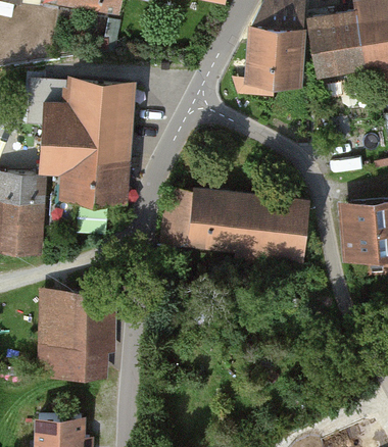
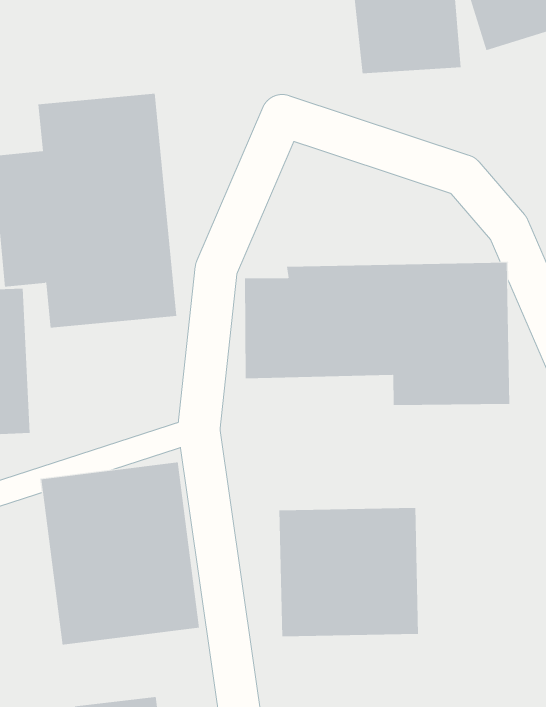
building: none -> [279,507,419,637]

